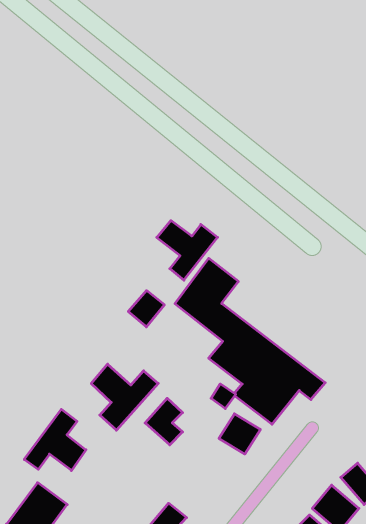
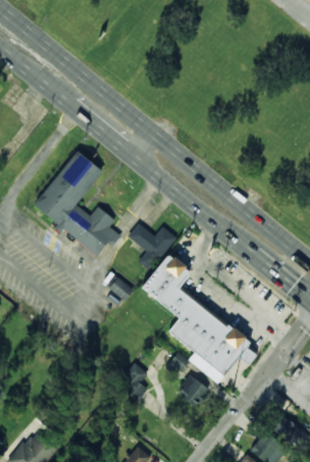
building: none -> [35,150,121,256]
building: [91,364,158,430] -> none
building: [24,409,86,471] -> none

